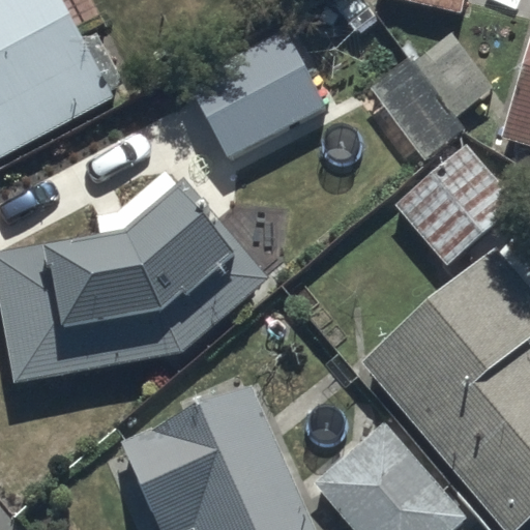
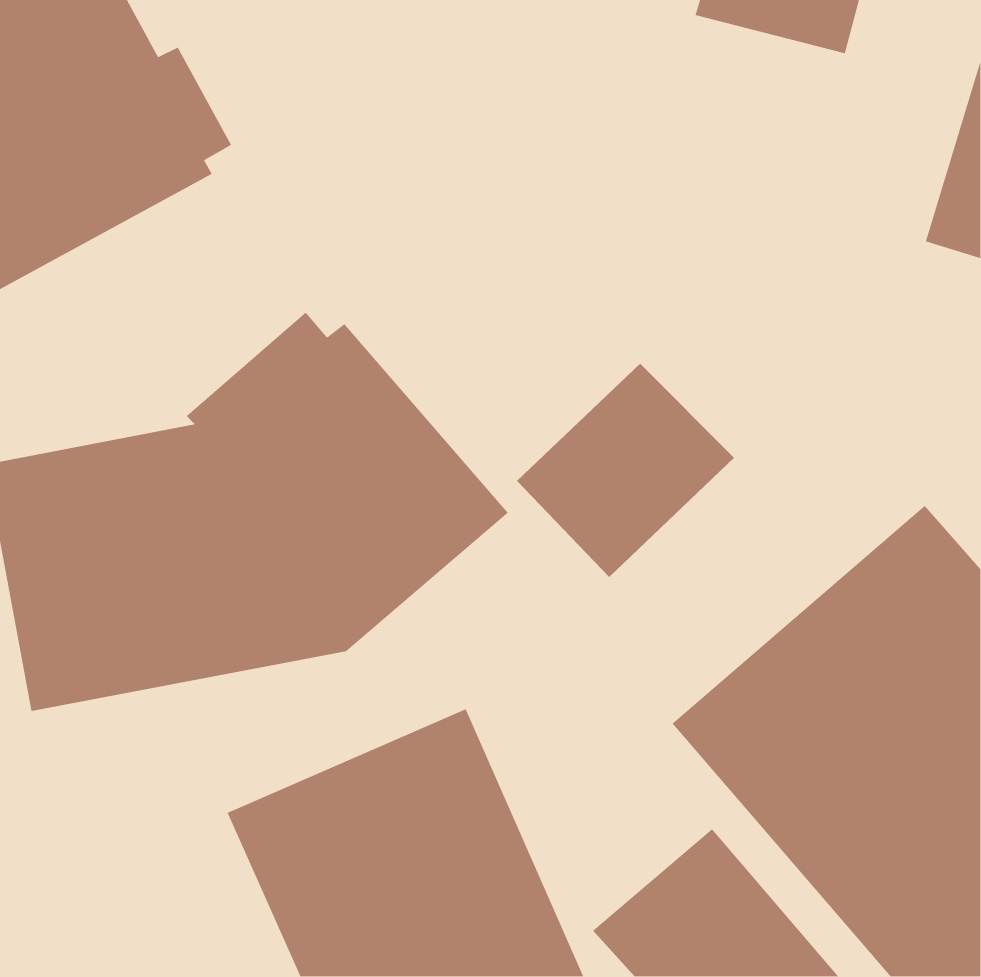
building: [189,22,335,164] -> none
building: [367,52,485,175] -> none
building: [396,165,513,279] -> [516,363,735,578]

